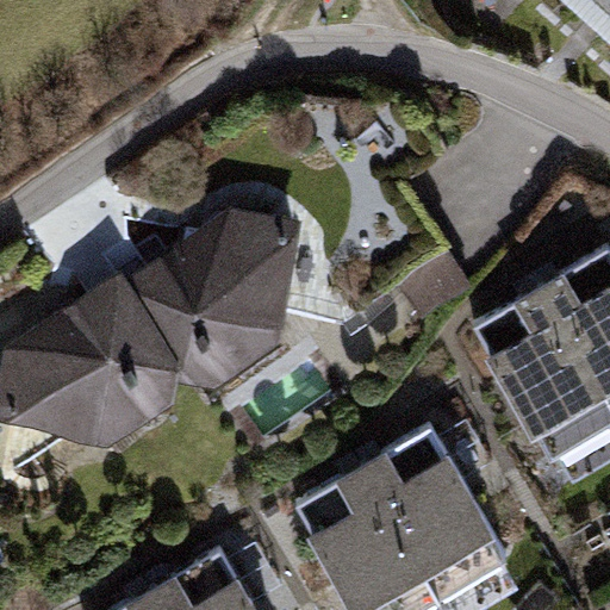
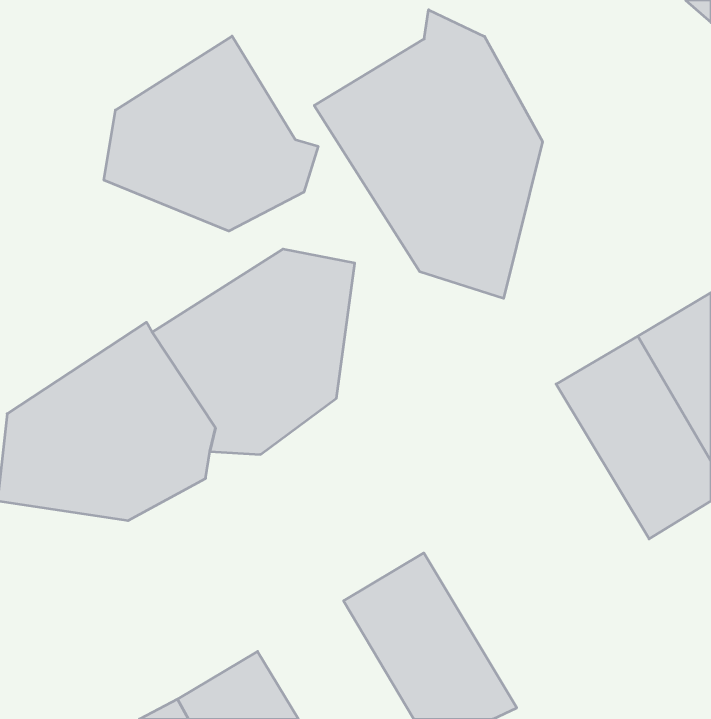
building: none -> [314,10,542,298]
building: none -> [104,36,318,231]
building: [359,427,506,599] -> none

